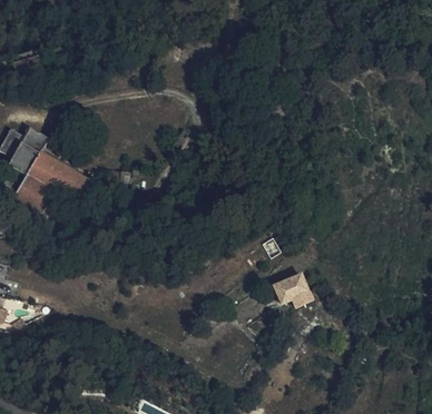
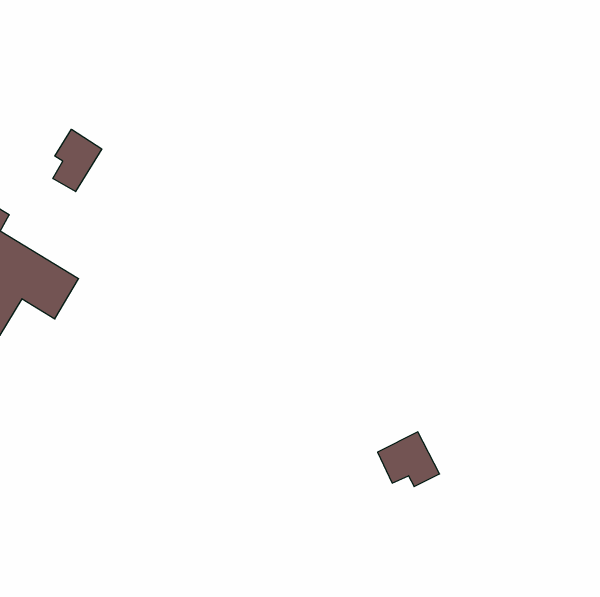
building: none -> [53,129,102,192]

